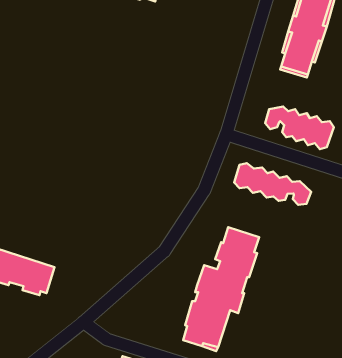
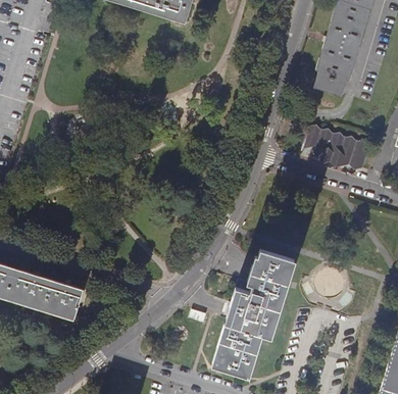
building: [234,163,311,205] -> none

